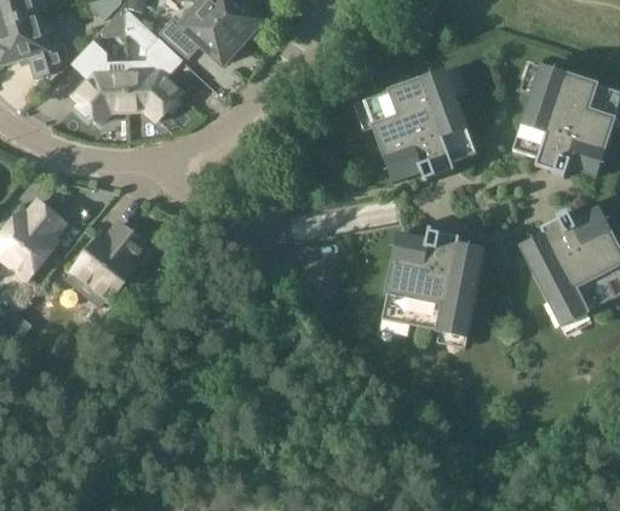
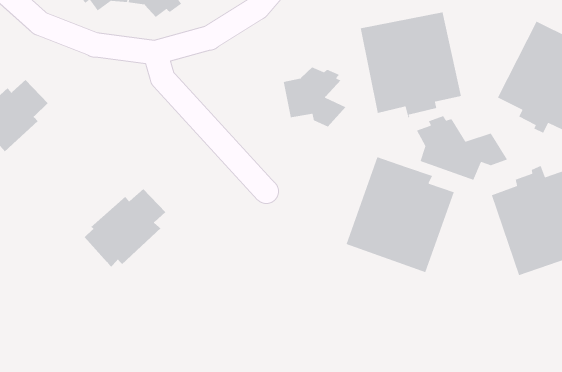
building: none -> [283,66,347,127]
building: none -> [416,115,508,181]
building: [68,222,147,306] -> [84,188,166,268]

